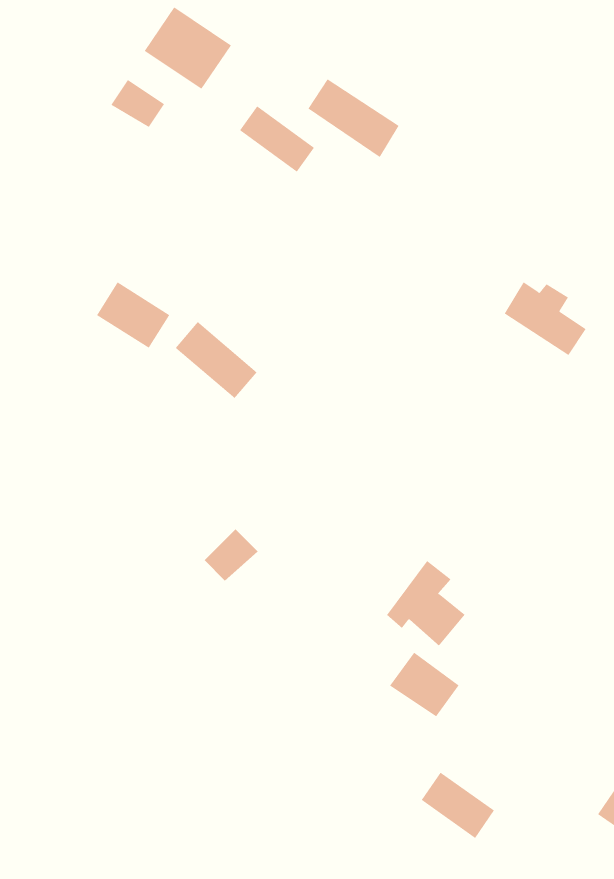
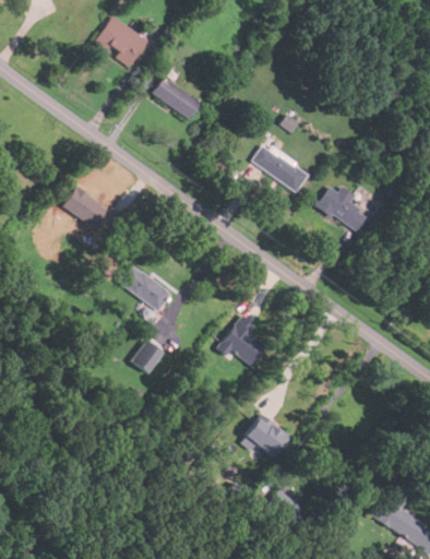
building: [308,78,399,158] -> [252,143,309,192]
building: [111,79,165,128] -> none
building: [175,321,258,399] -> [119,264,170,312]
building: [386,560,466,646] -> [218,313,267,367]

